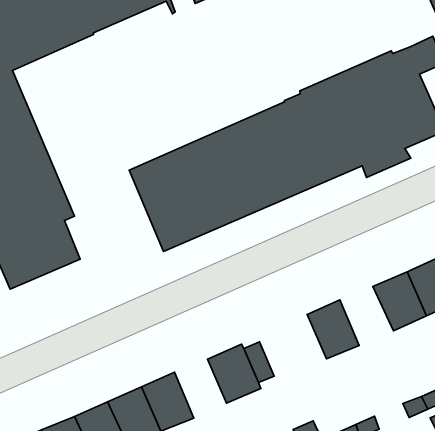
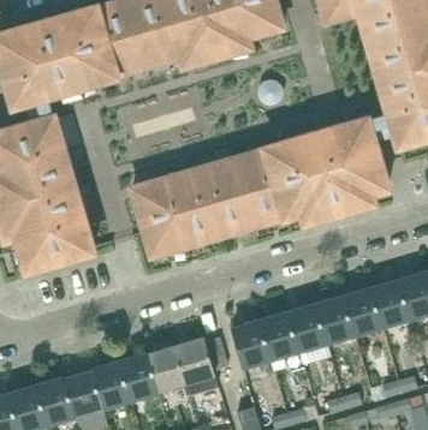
building: none -> [286,306,326,352]
building: none -> [231,322,269,368]
building: none -> [147,347,185,393]

